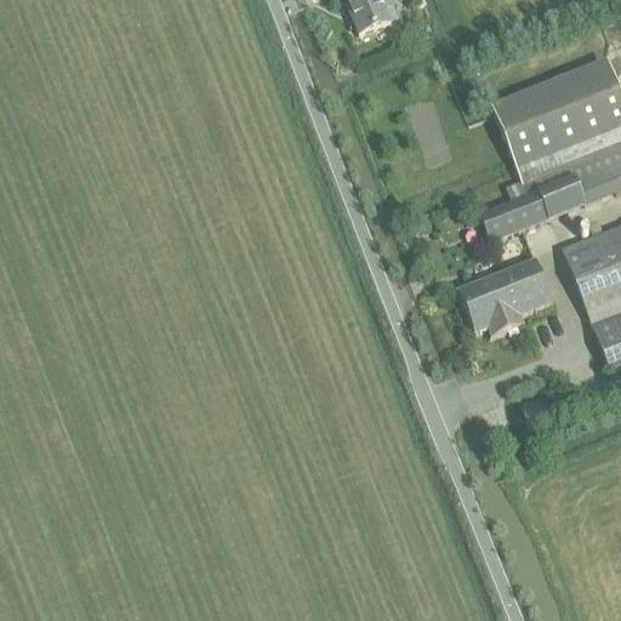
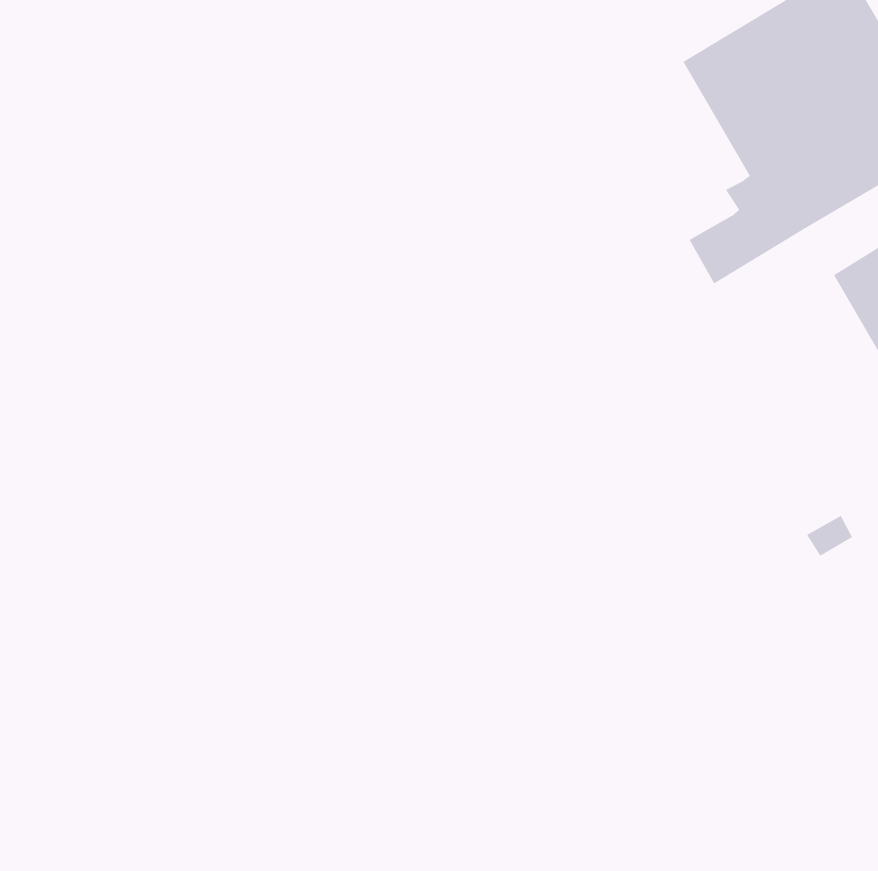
building: [460,257,554,334] -> none

